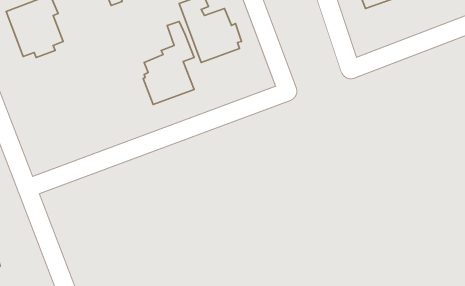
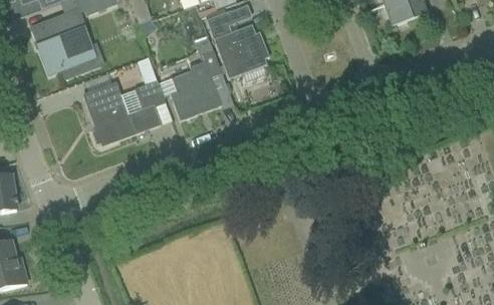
building: none -> [82,80,164,145]

